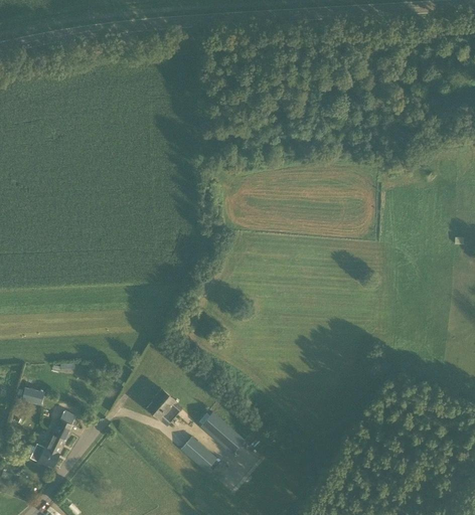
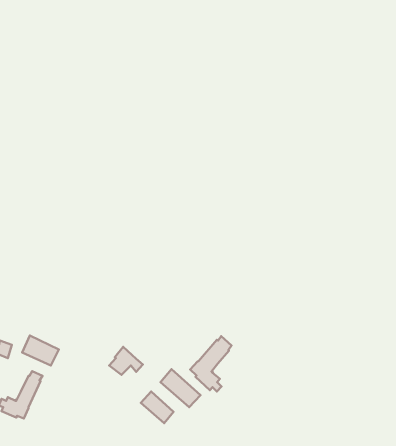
building: none -> [22,336,59,365]
building: none -> [190,336,231,391]

